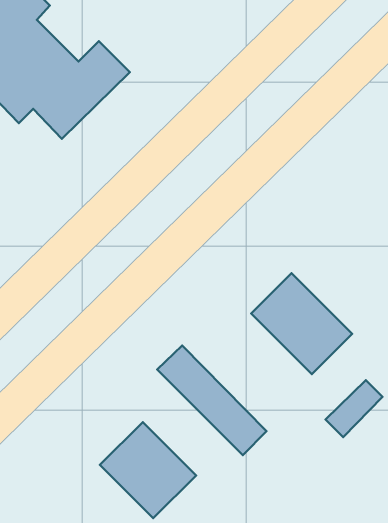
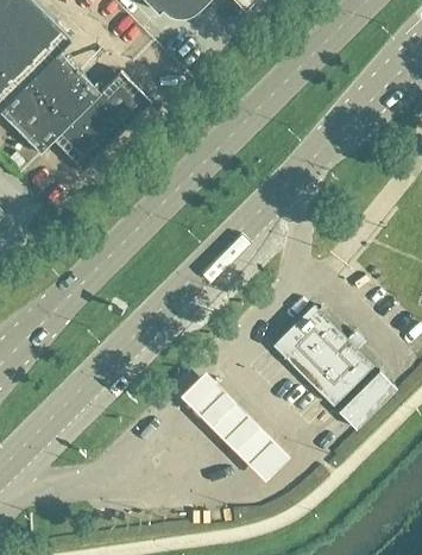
building: [325,380,383,437] -> [338,371,395,428]
building: [100,422,196,518] -> none

